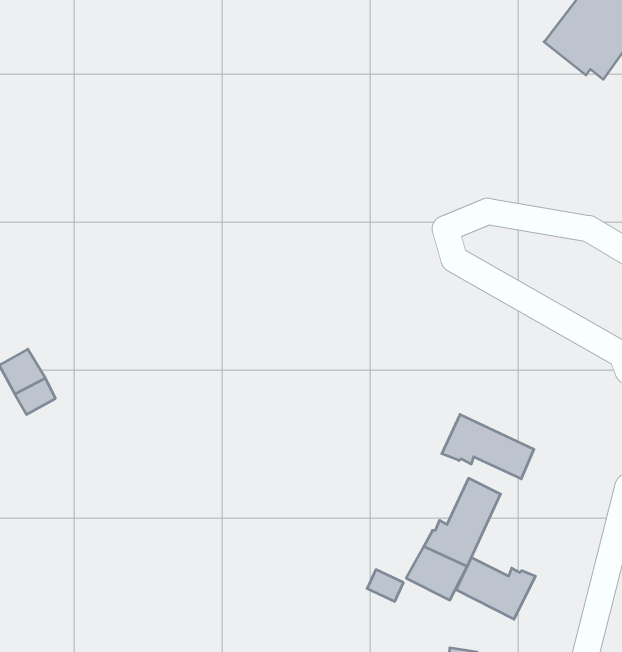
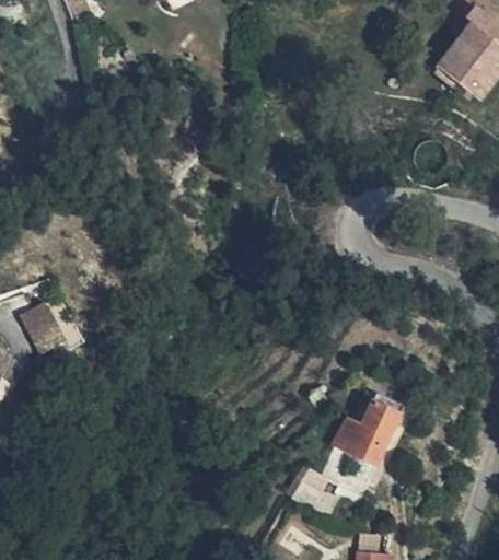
building: [442,414,534,479] -> none
building: [456,558,535,619] -> none

